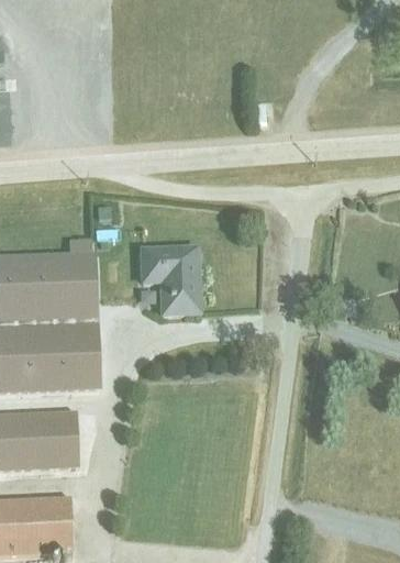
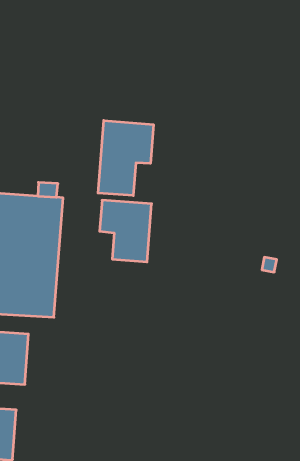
building: none -> [98,120,153,196]

